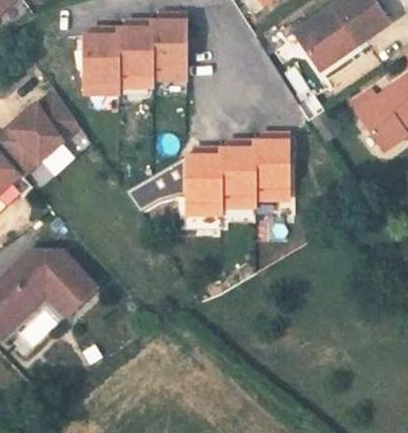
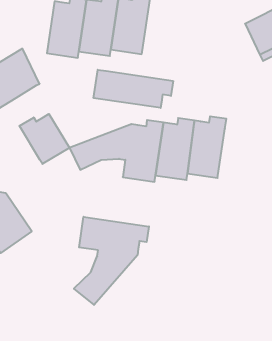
building: none -> [94,70,173,108]
building: none -> [19,114,69,164]
building: none -> [74,217,149,305]

